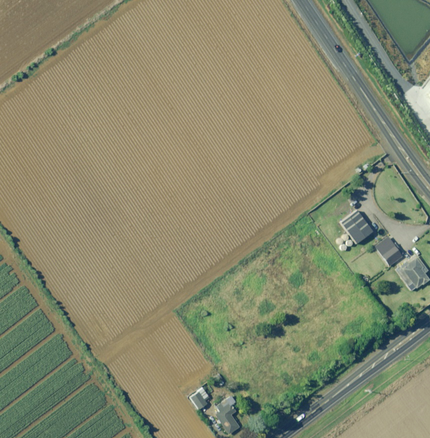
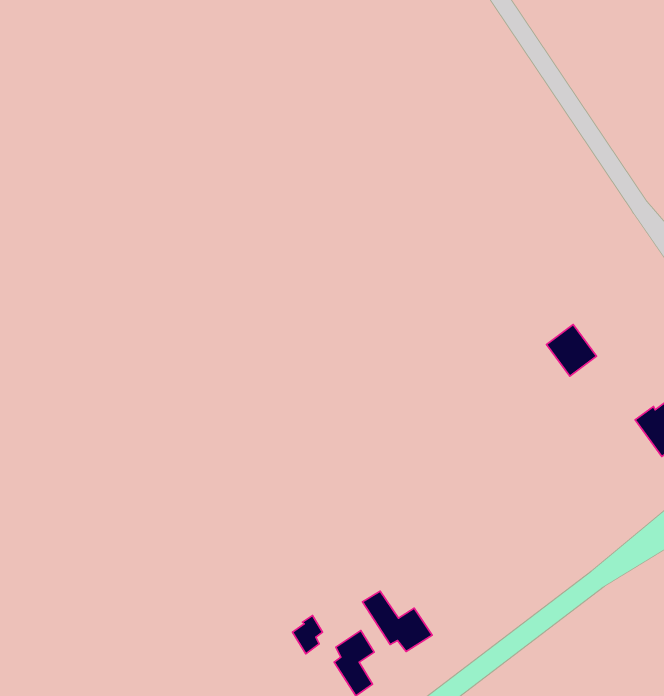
building: [375,236,404,266] -> none
building: none -> [362,591,432,652]

